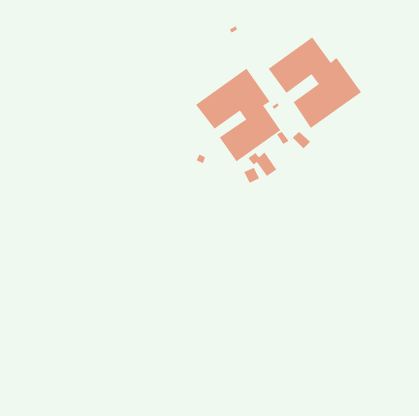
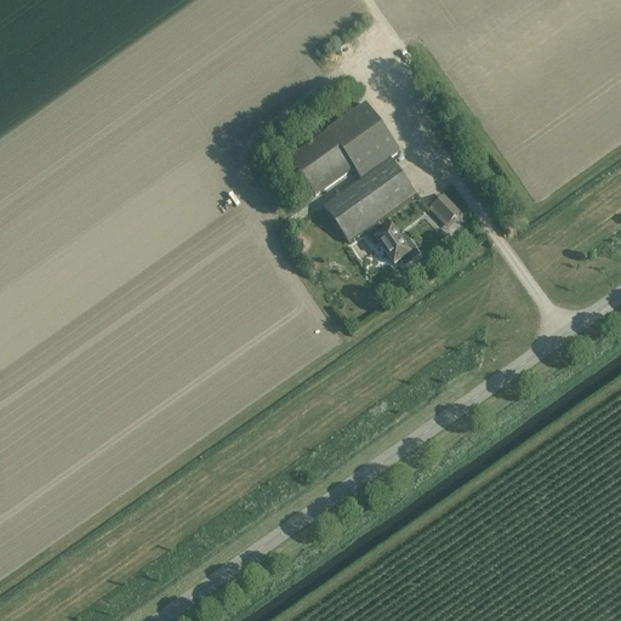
building: [268,37,362,129] -> none

